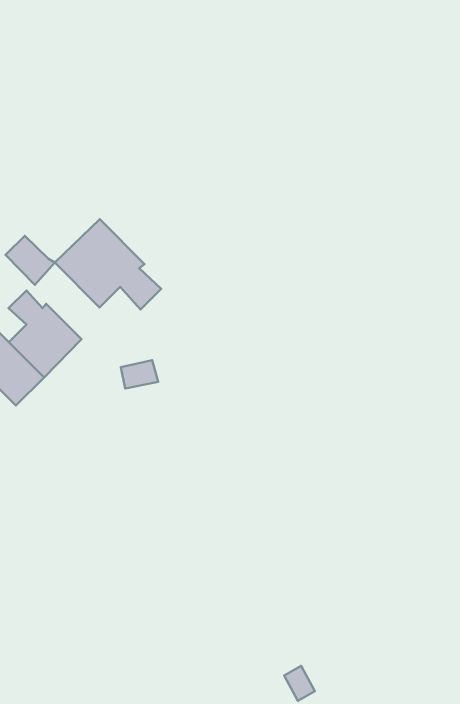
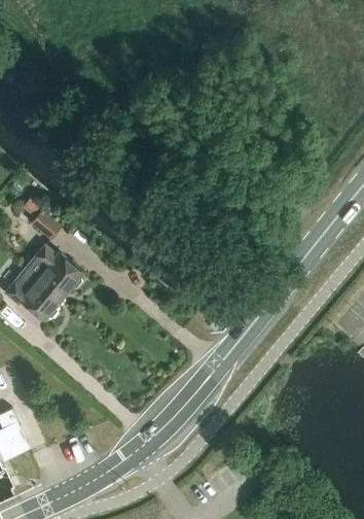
building: [55,219,161,309] -> none

